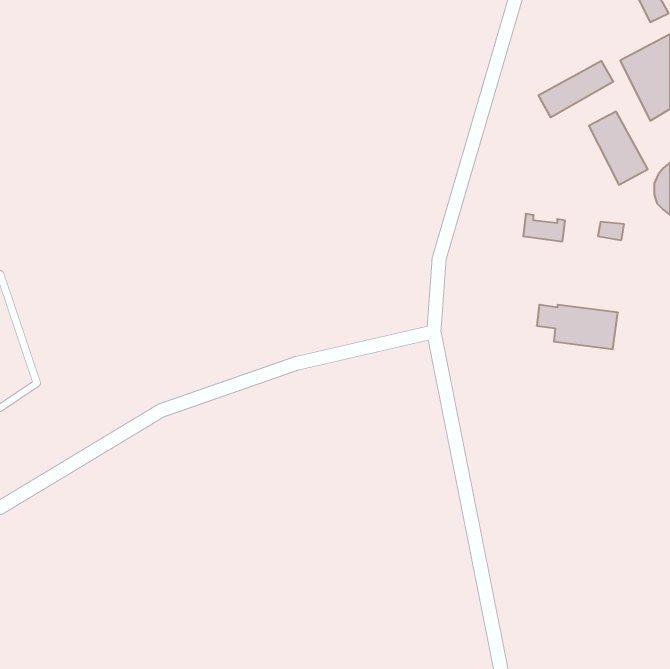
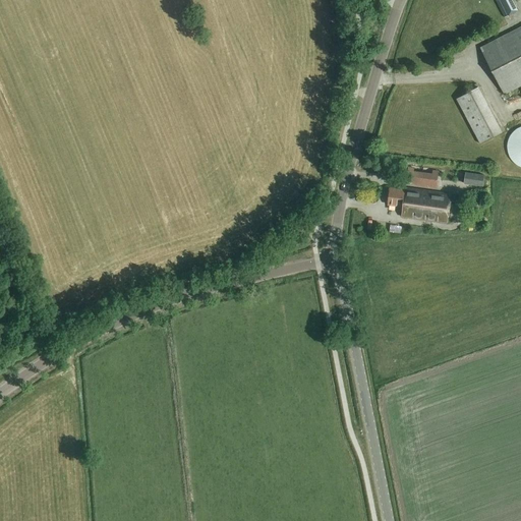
building: [539,61,613,117] -> none
building: [537,305,618,349] -> [389,187,452,222]

